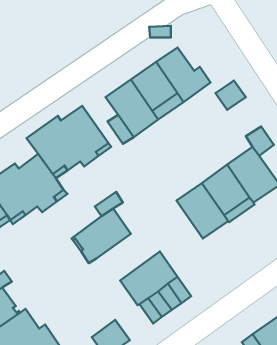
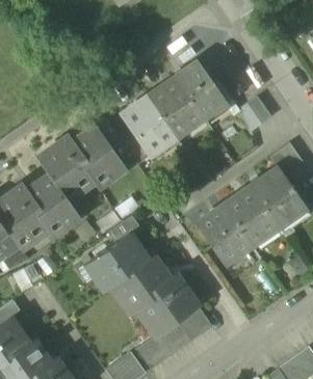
building: none -> [111,255,179,314]
building: none -> [136,334,172,370]

